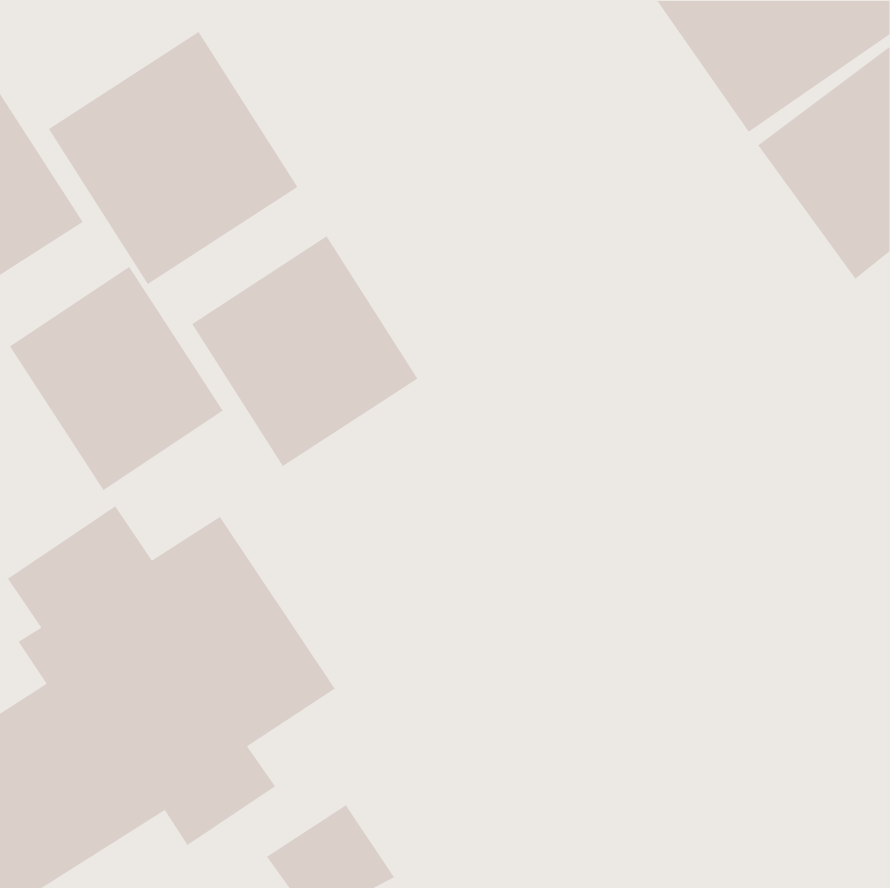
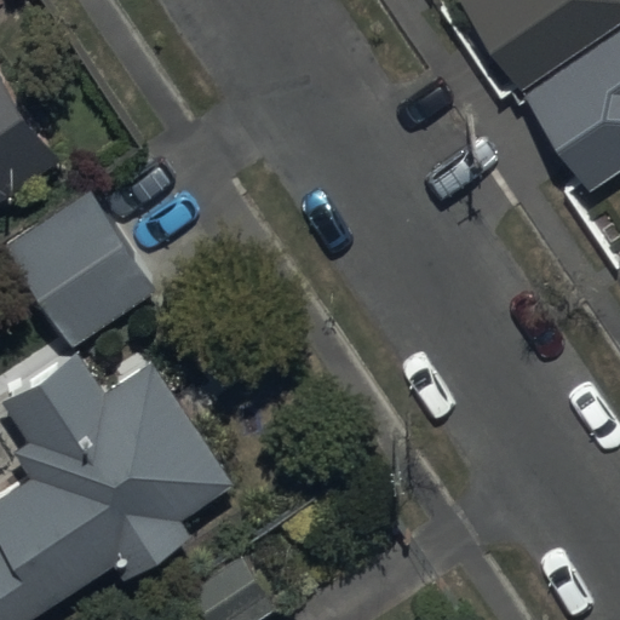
building: [48,31,299,285] -> none
building: [191,235,418,467] -> none

